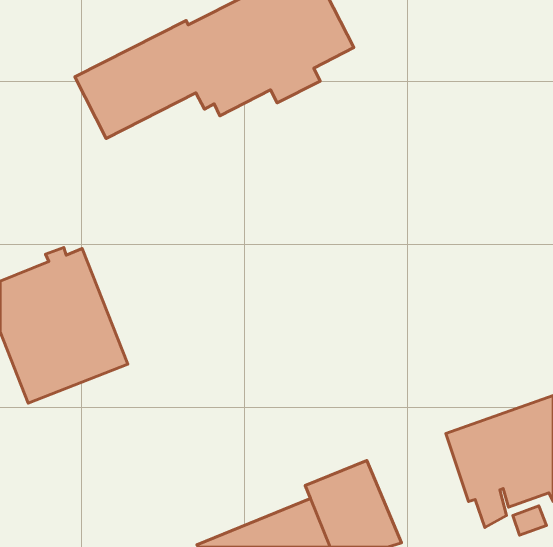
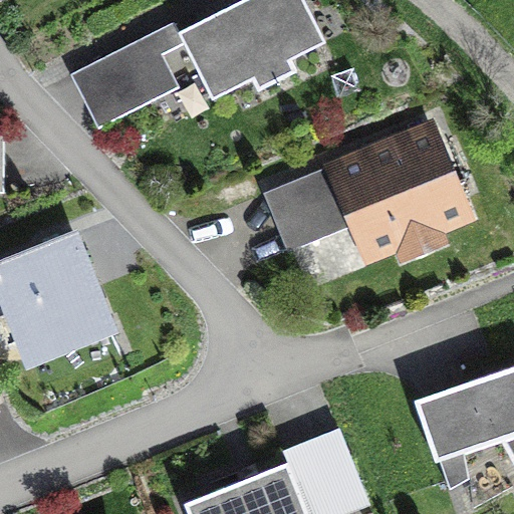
building: none -> [262,115,477,266]

